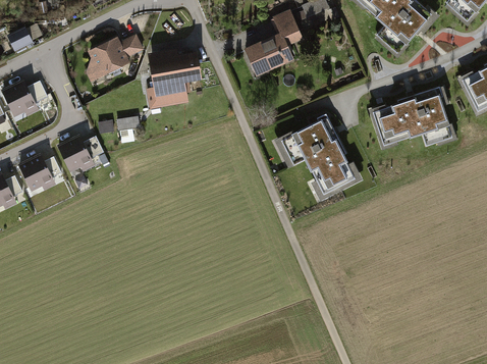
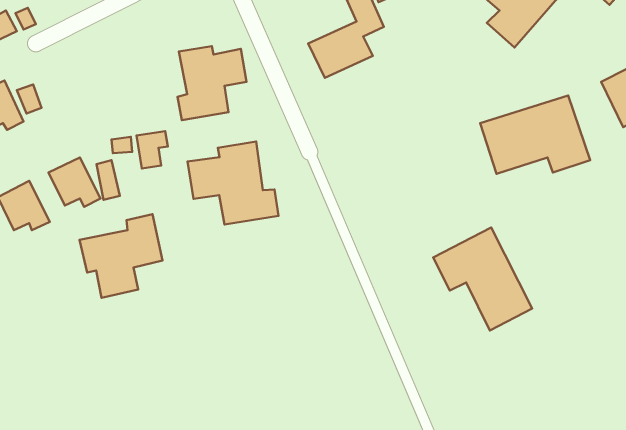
building: [87,35,142,80] -> none
building: [281,117,355,194] -> [433,227,532,330]
building: none -> [187,142,279,224]
building: none -> [80,214,163,298]

